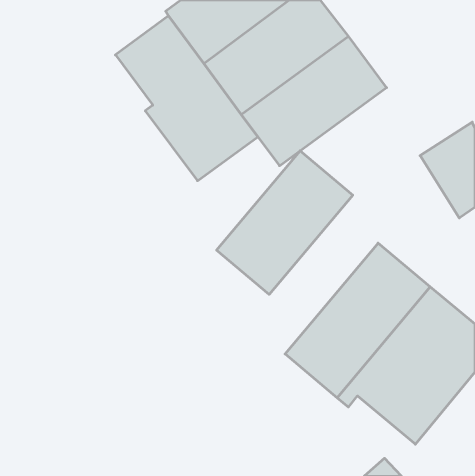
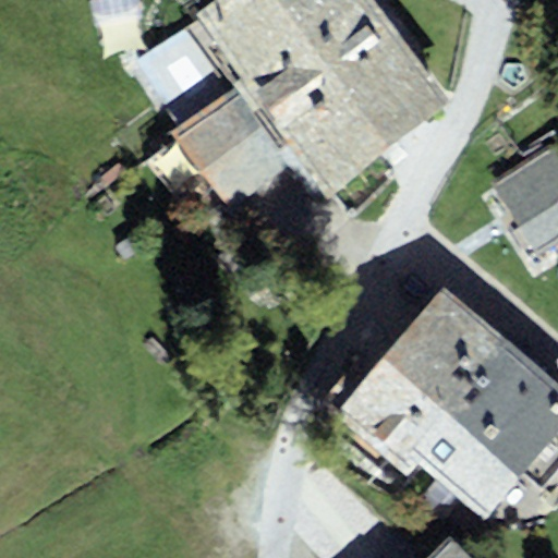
building: [217,151,353,294] -> none

